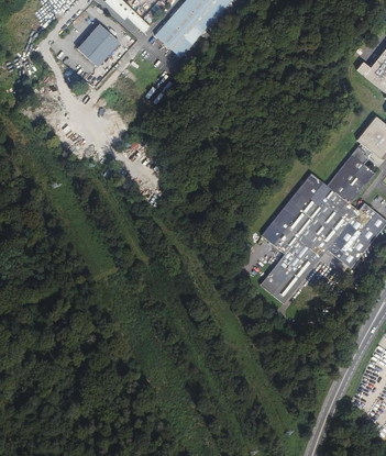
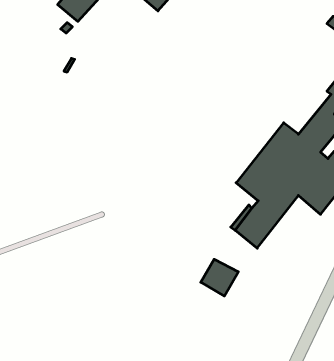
building: none -> [201,259,238,296]

